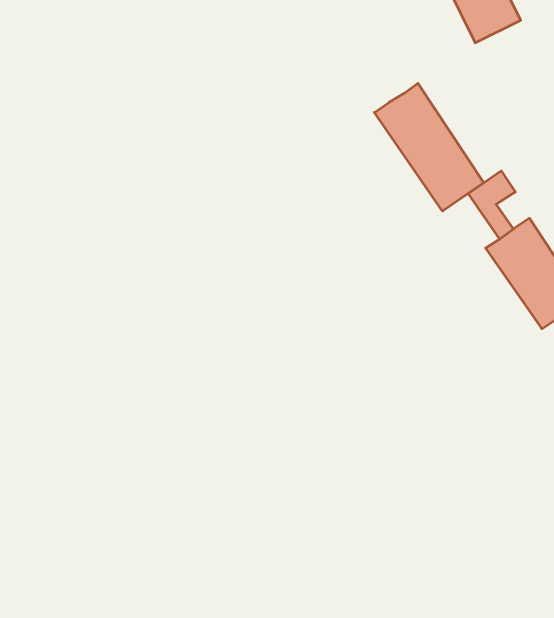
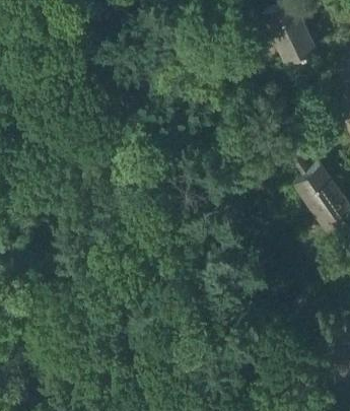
building: [374,83,484,211] -> none

